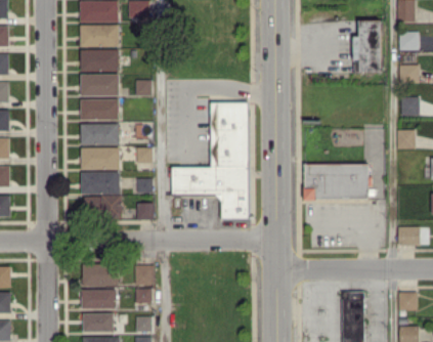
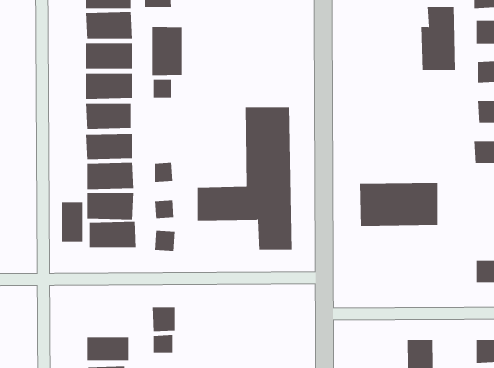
building: none -> [152,26,182,76]
building: none -> [62,202,83,242]
building: [82,264,118,287] -> none

